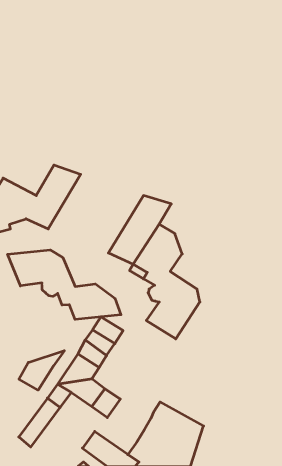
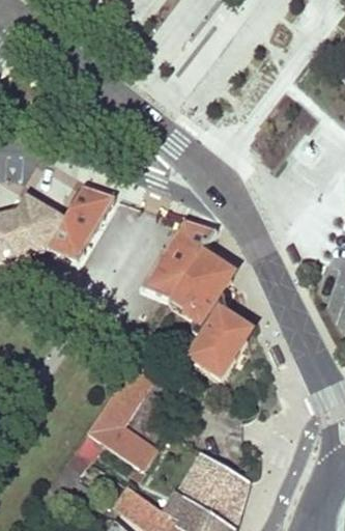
building: [8,250,121,319] -> none
building: [19,351,64,390] -> none

